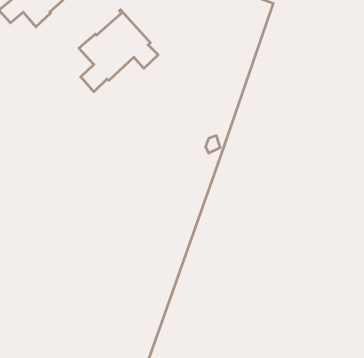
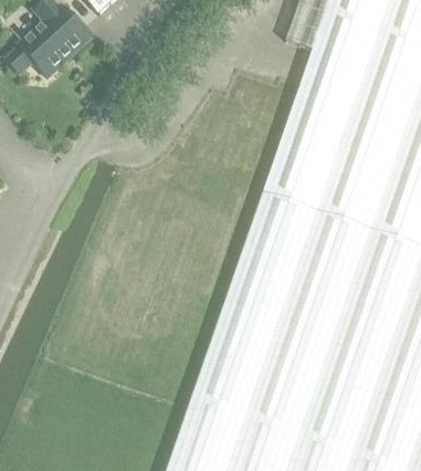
building: [79,10,158,92] -> none

